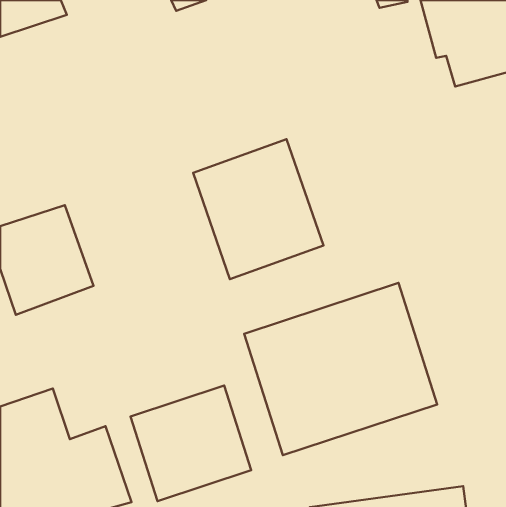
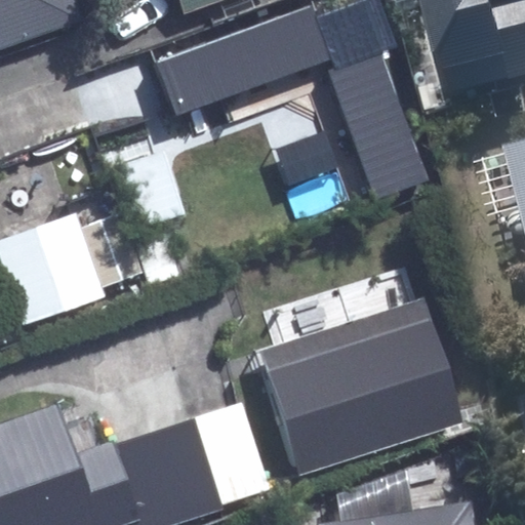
building: none -> [157,7,332,119]
building: none -> [332,52,433,202]
building: [193,139,323,279] -> none

